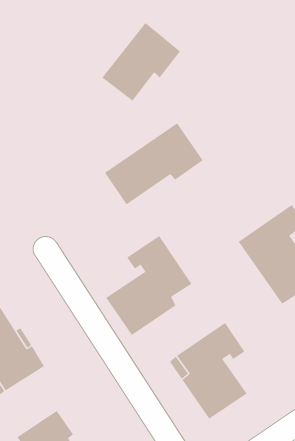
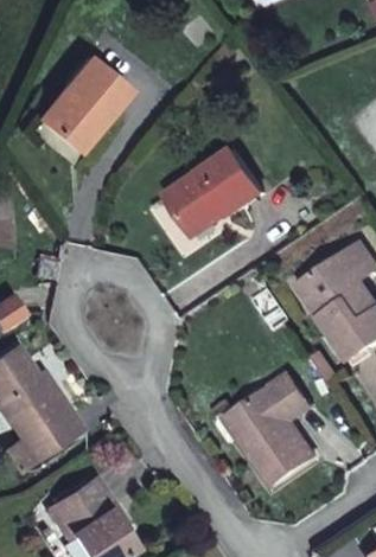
building: [101,22,181,102] -> [39,58,129,148]
building: [106,235,192,336] -> none

